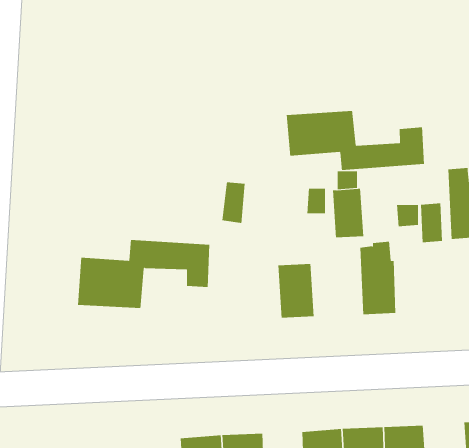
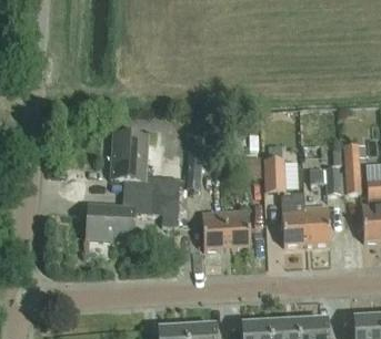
building: [286,110,424,171] -> none
building: none -> [112,134,180,195]
building: none -> [307,205,331,243]
building: none -> [202,209,228,248]

